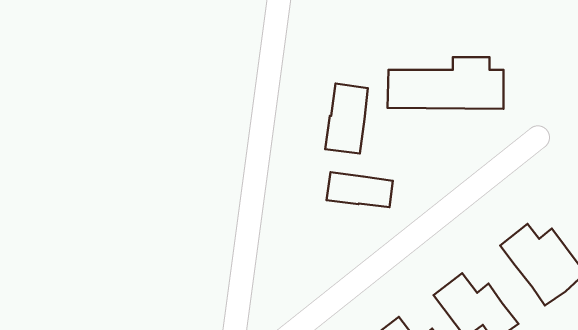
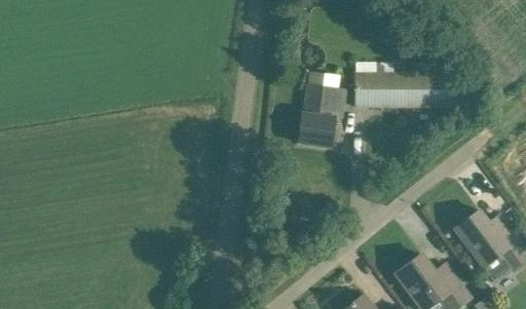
building: [327,172,393,207] -> none

